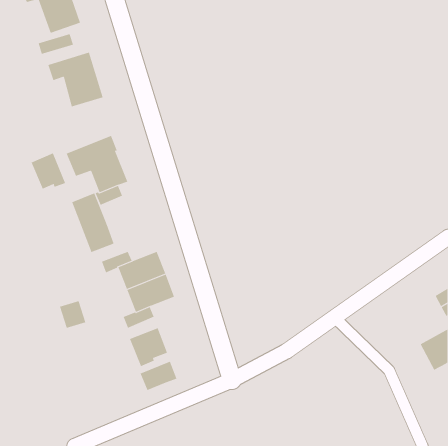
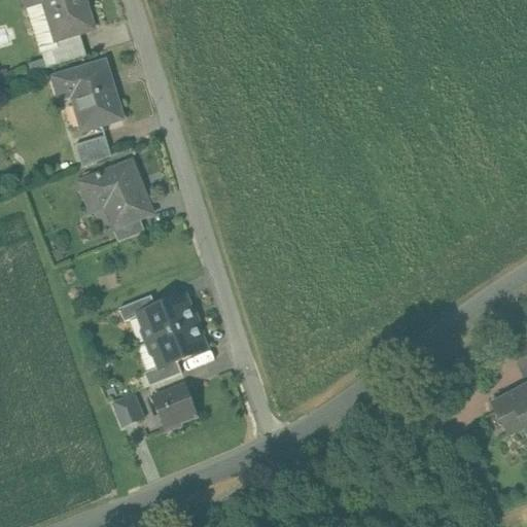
building: none -> [76,133,112,164]
building: [31,153,66,190] -> none
building: [72,193,114,253] -> none
building: [59,301,86,329] -> [112,390,144,423]
building: [140,361,177,391] -> none

